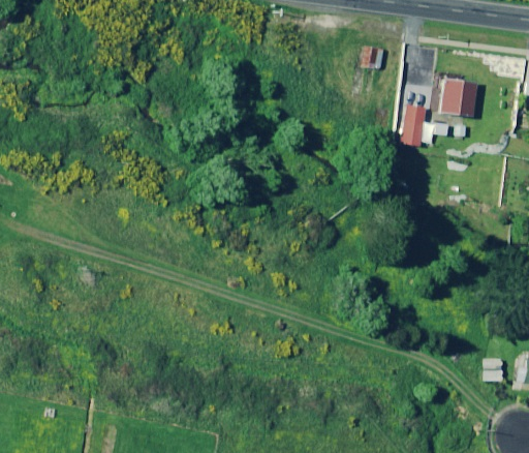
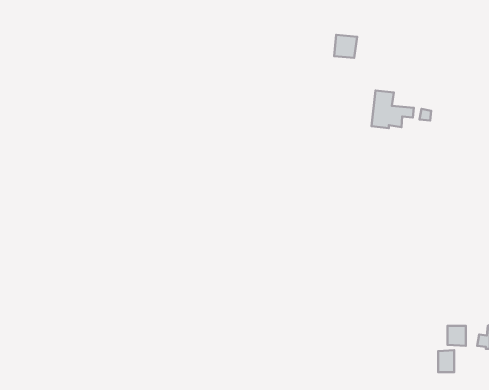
building: [432,81,476,116] -> none
building: none -> [438,350,454,372]

